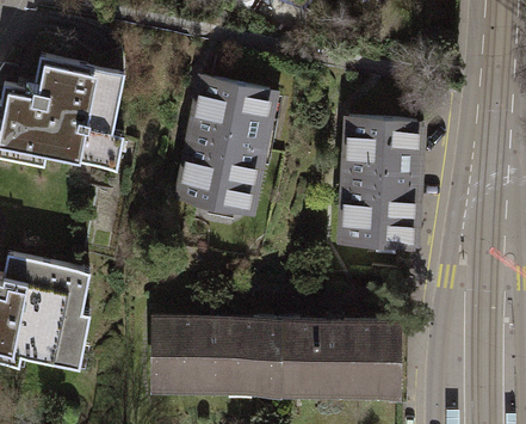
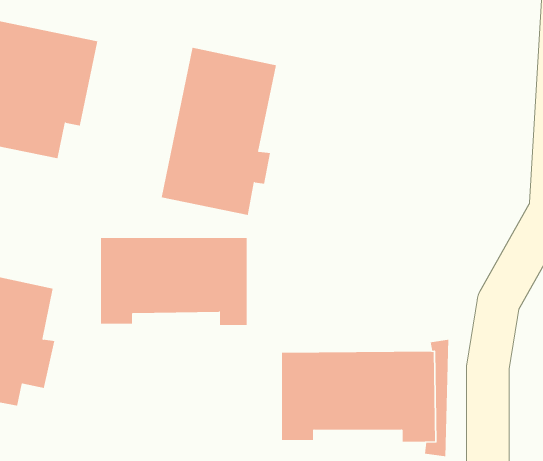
building: [339,119,417,246] -> none
building: [153,324,271,394] -> [100,238,248,326]

